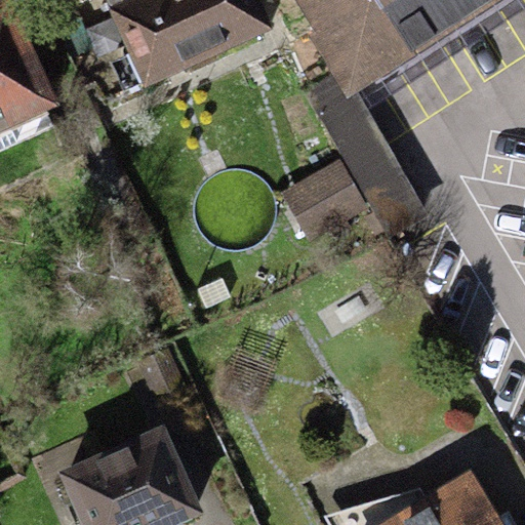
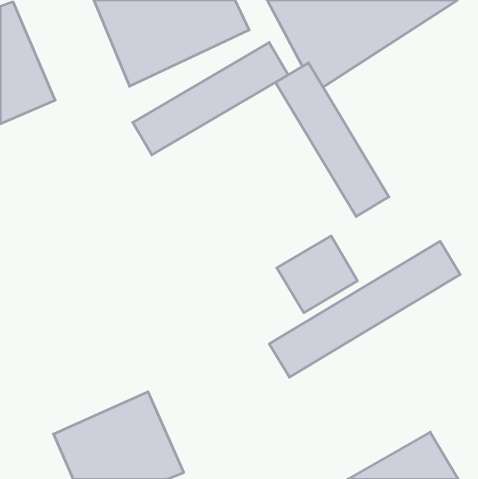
building: none -> [133,42,288,155]
building: [280,159,368,243] -> [277,236,357,313]
building: none -> [269,241,460,377]

